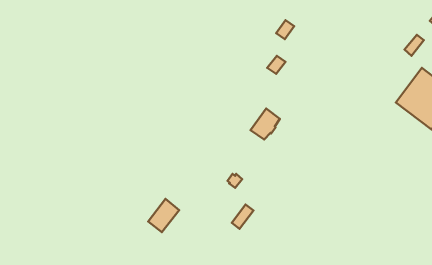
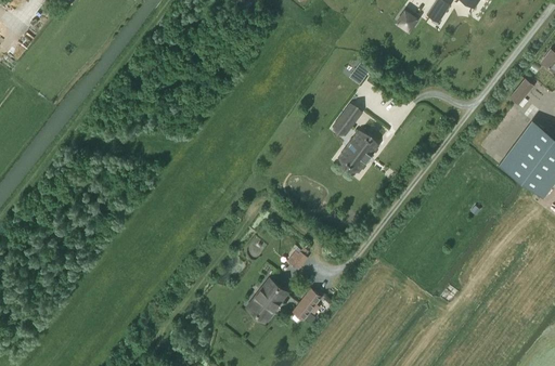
building: [250,108,280,140] -> [339,131,376,170]
building: [148,199,179,232] -> [247,279,286,321]

